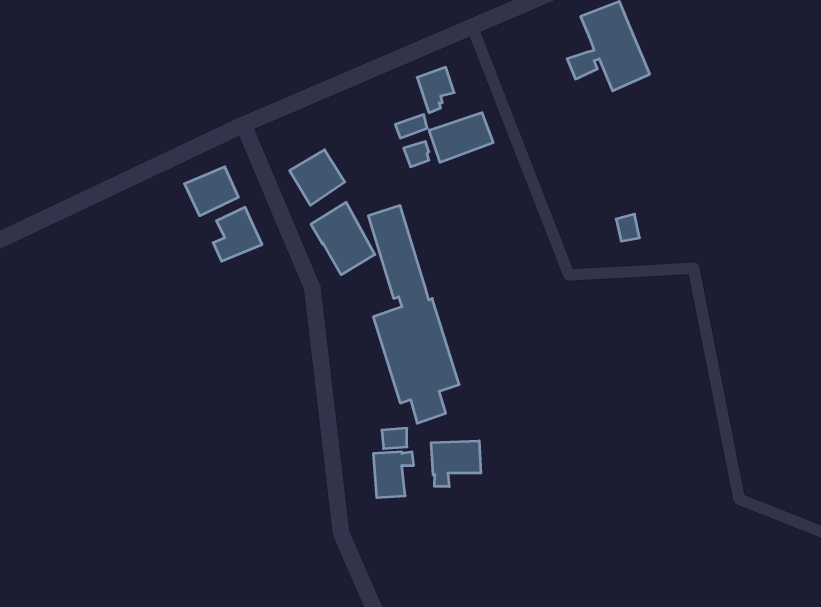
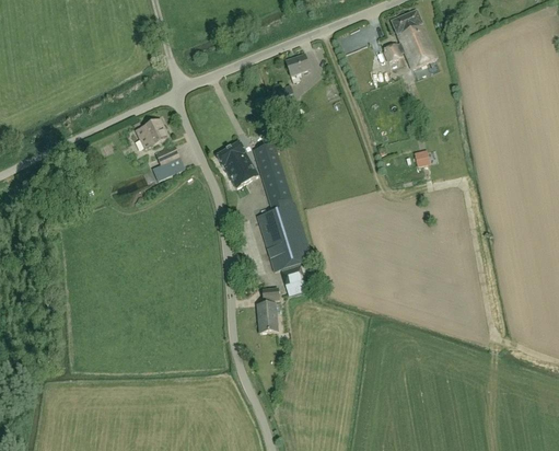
building: [429,113,493,162] -> none
building: [290,150,345,205] -> none
building: [431,441,481,487] -> none

